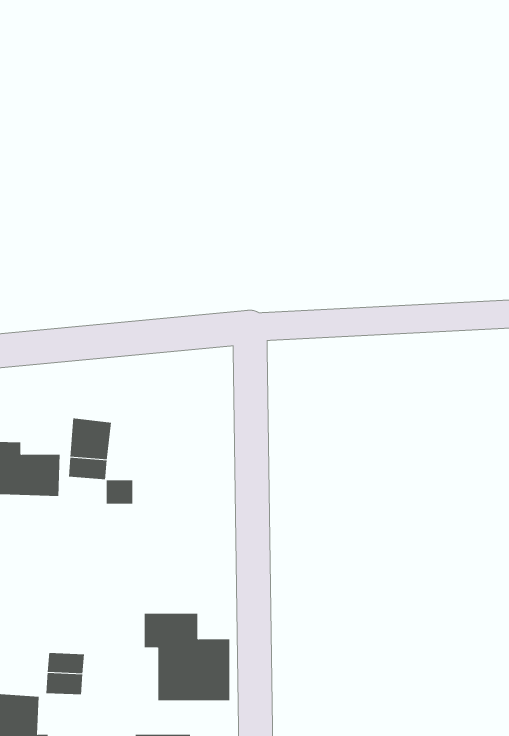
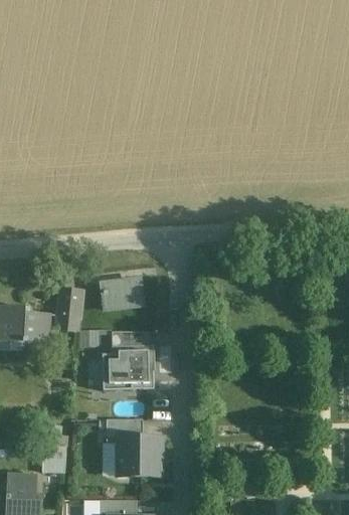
building: none -> [101,280,142,310]
building: none -> [101,331,153,390]

